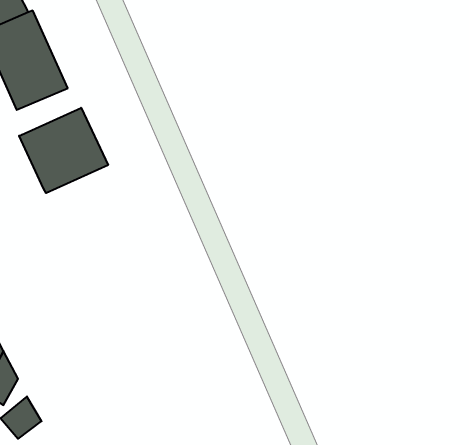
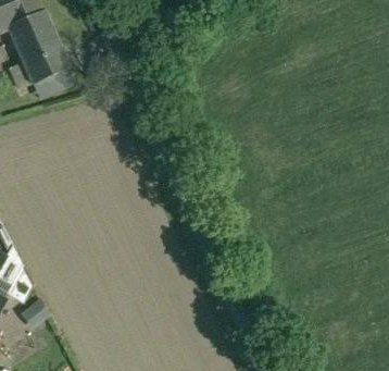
building: [19,108,108,193] -> none

